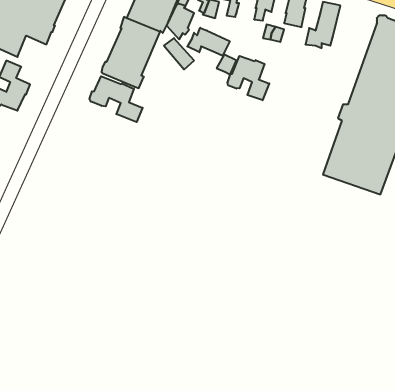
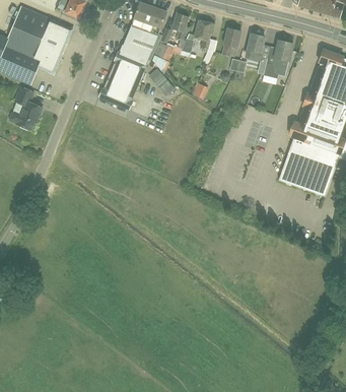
building: [187,28,230,56] -> none
building: [228,56,269,100] -> none
building: [90,76,143,122] -> none

